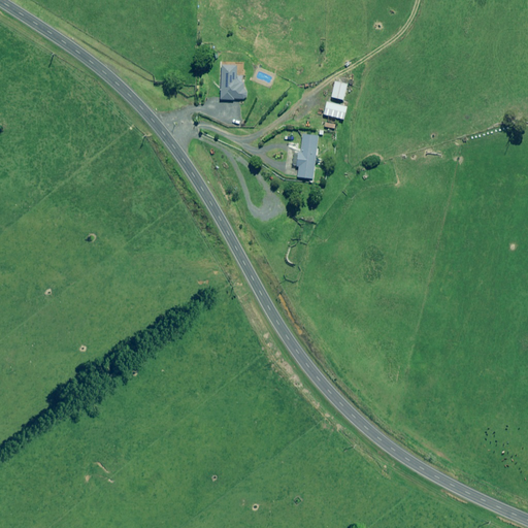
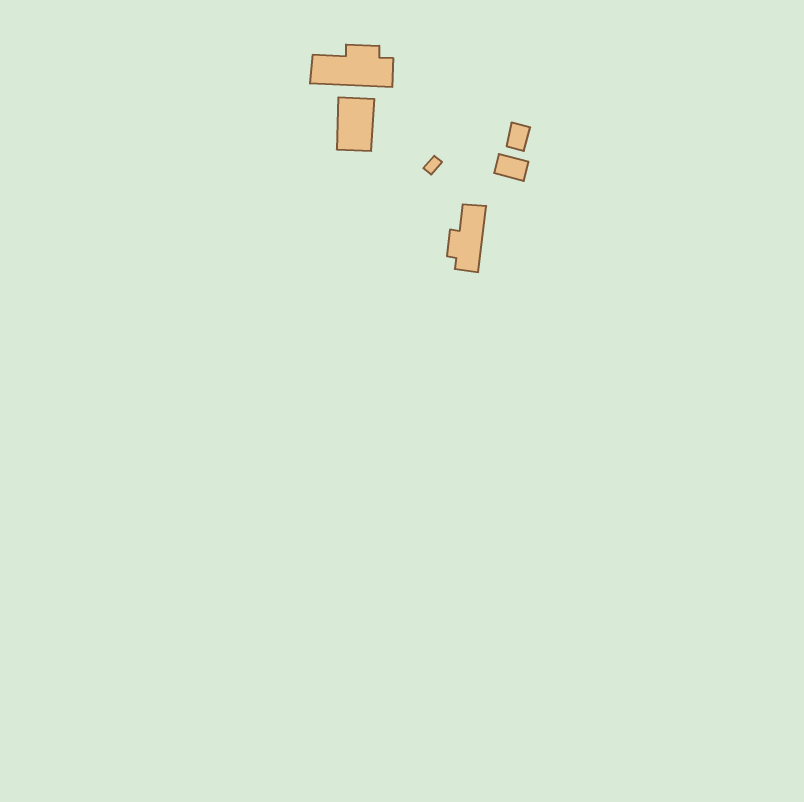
building: none -> [310,44,393,87]

